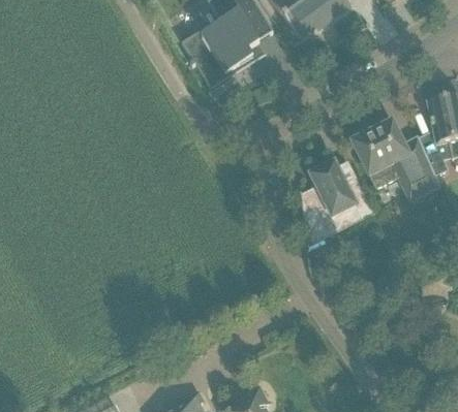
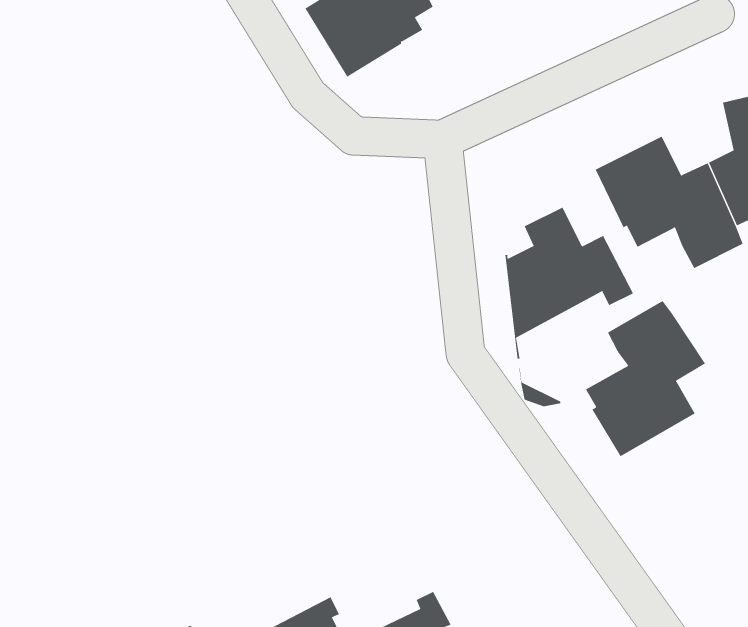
building: none -> [585,300,706,457]

